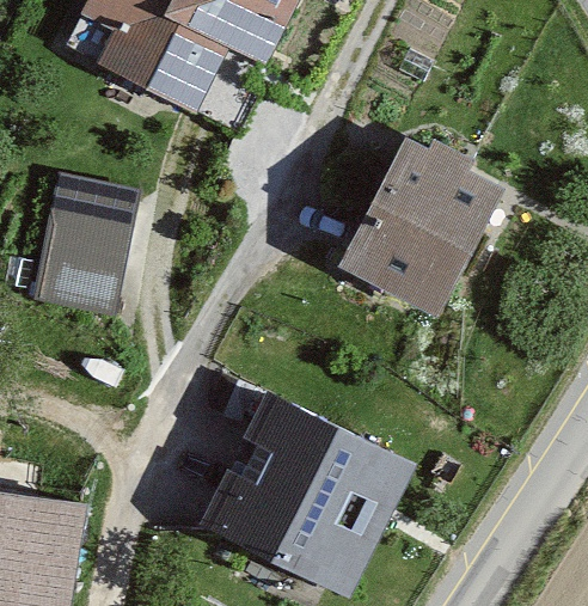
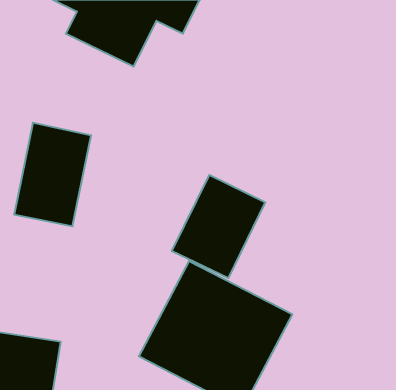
building: [339,135,503,313] -> none
building: none -> [172,175,265,278]

